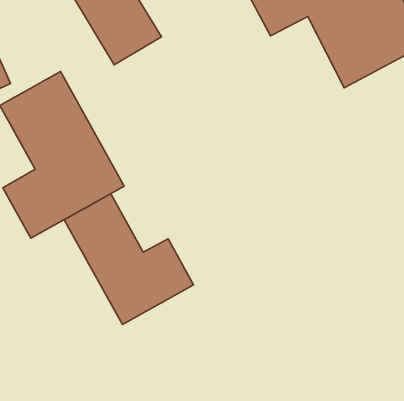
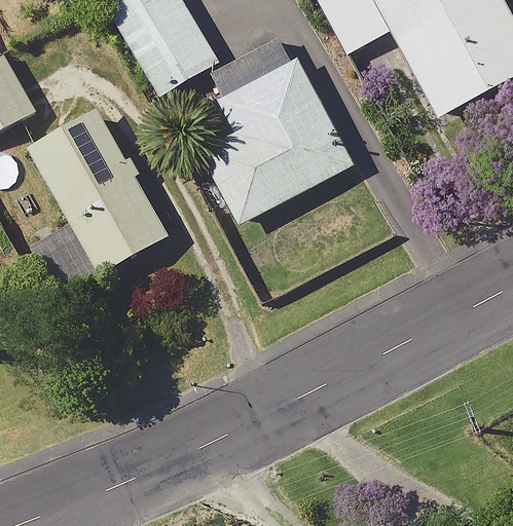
building: none -> [198,46,353,223]
building: [64,194,193,324] -> none

